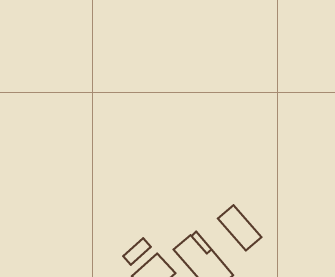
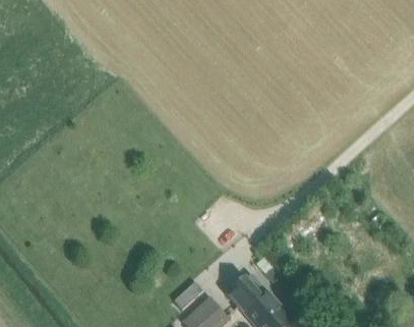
building: [218,205,262,251] -> none

